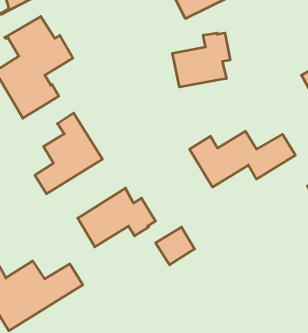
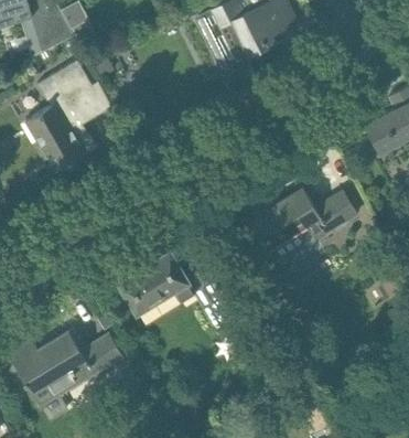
building: [172,33,230,87] -> none
building: [35,113,102,194] -> none

